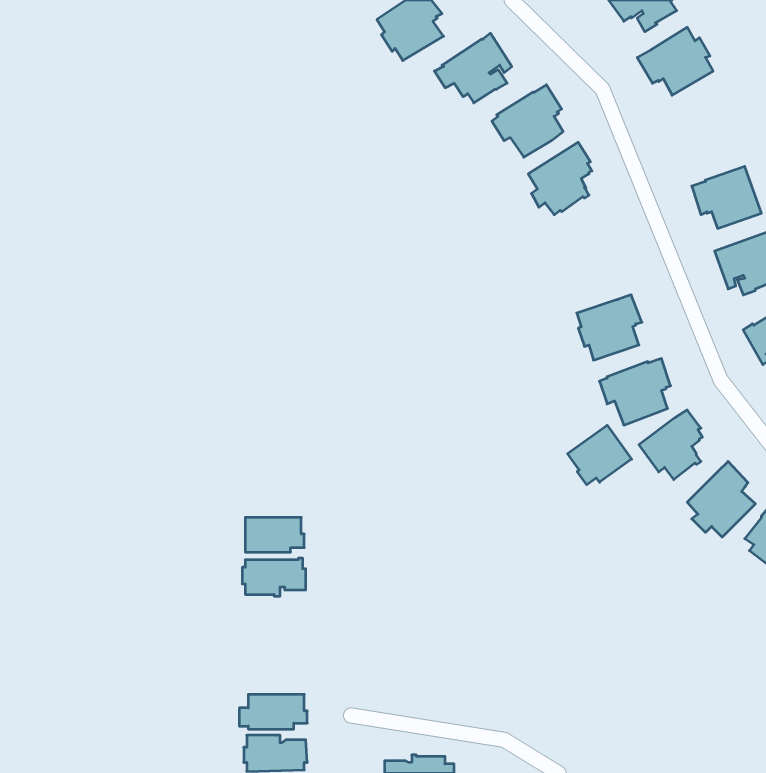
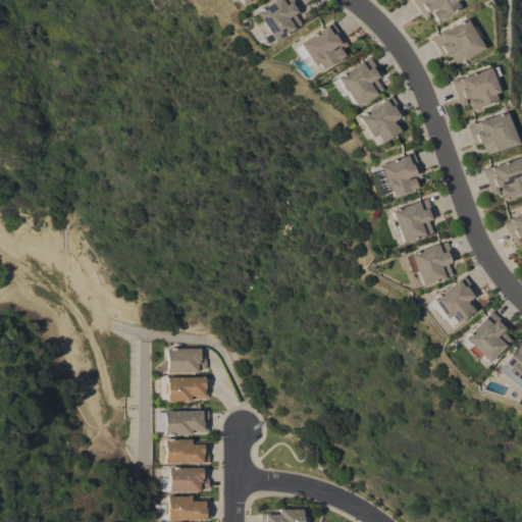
building: none -> [455,66,502,110]
building: none -> [375,153,424,196]
building: [568,425,632,485] -> none
building: none -> [161,411,211,434]
building: none -> [164,439,211,464]

